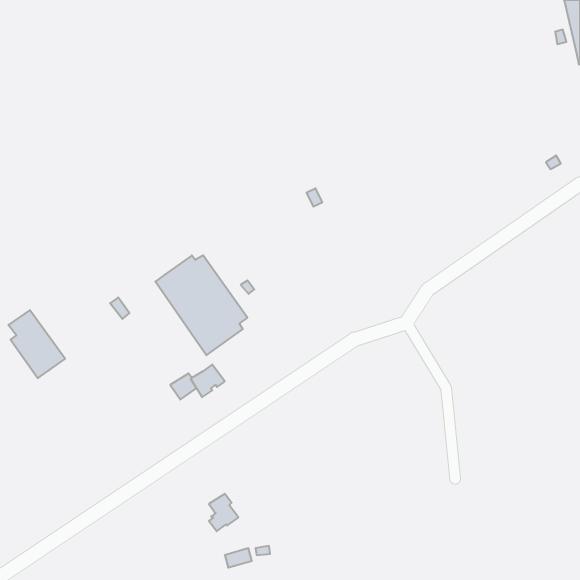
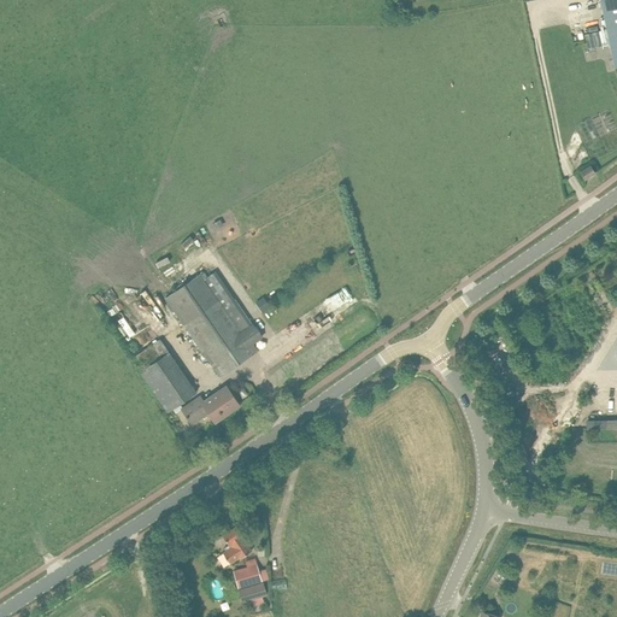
building: [8,310,65,378] -> [136,340,196,412]
building: none -> [233,558,269,588]

